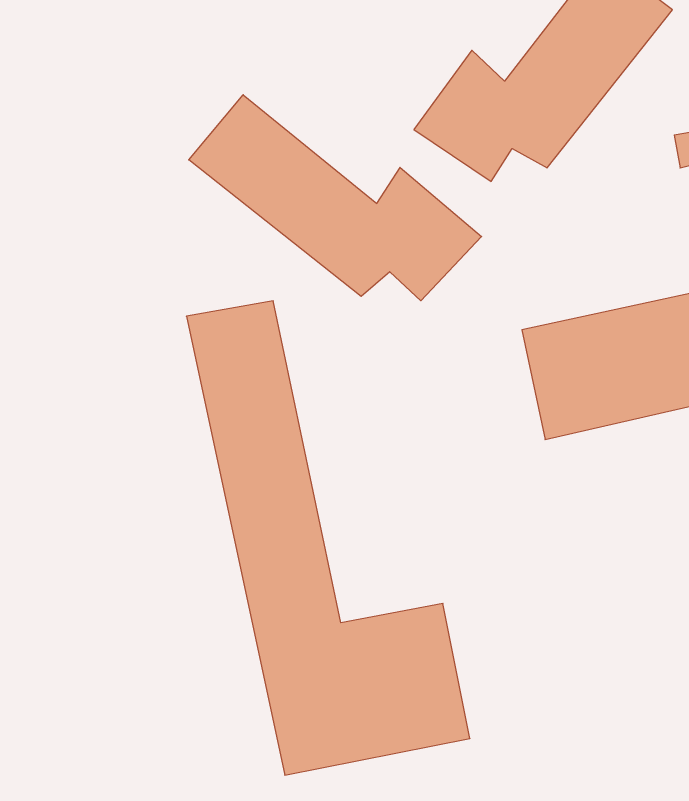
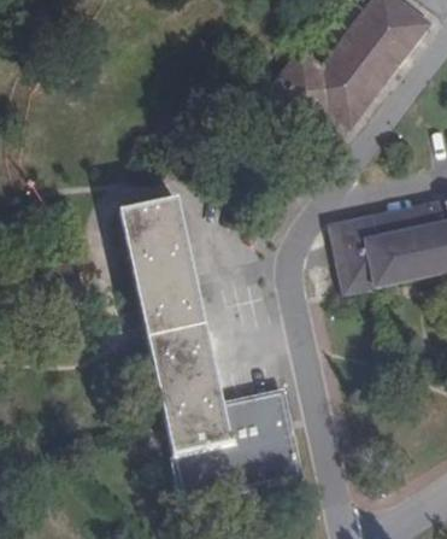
building: [189,95,482,301] -> none

